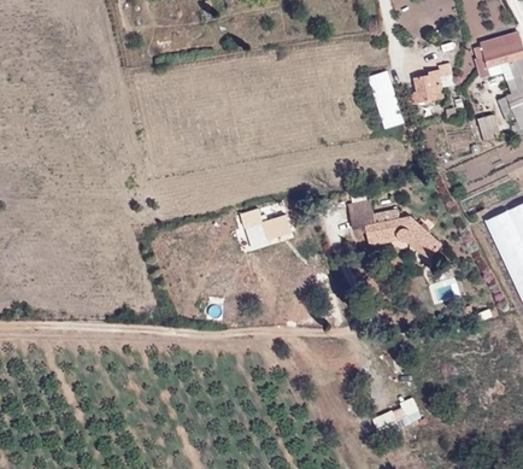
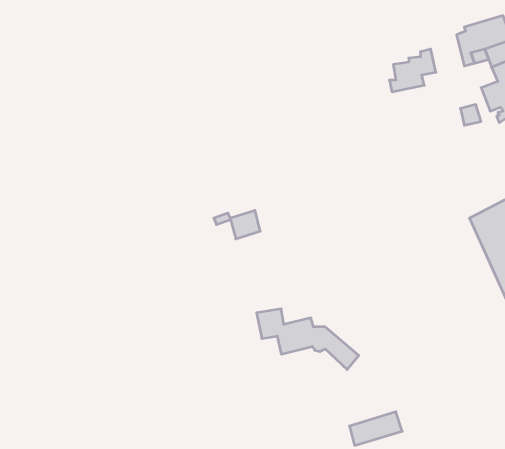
building: [369,72,402,128] -> none
building: [346,200,441,257] -> [257,309,359,370]

